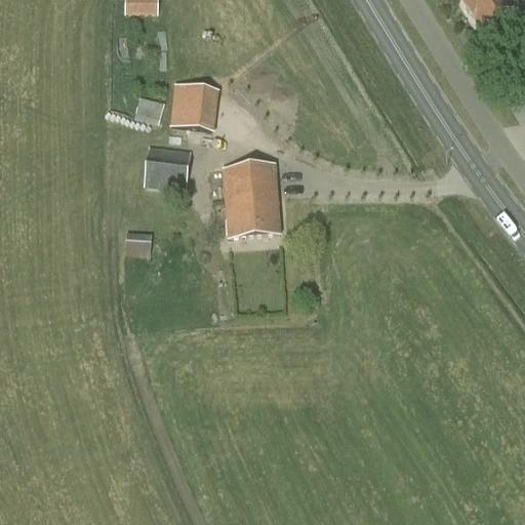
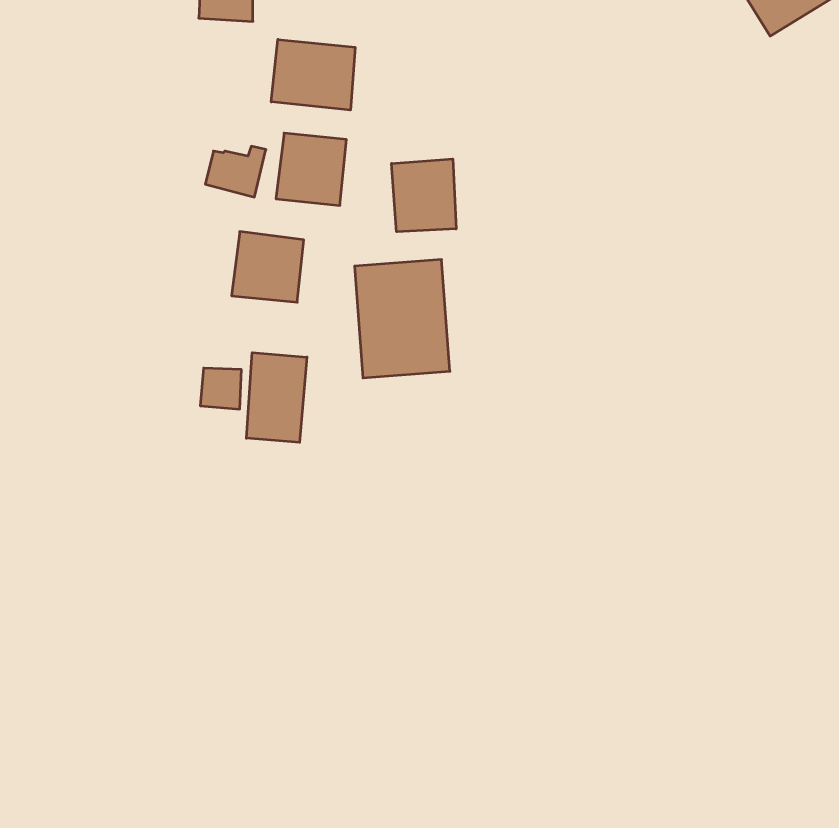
building: none -> [271,39,355,110]
building: none -> [392,159,456,232]
building: none -> [246,353,307,442]

